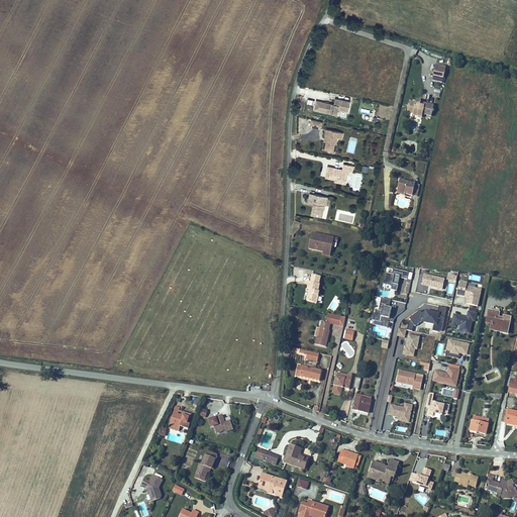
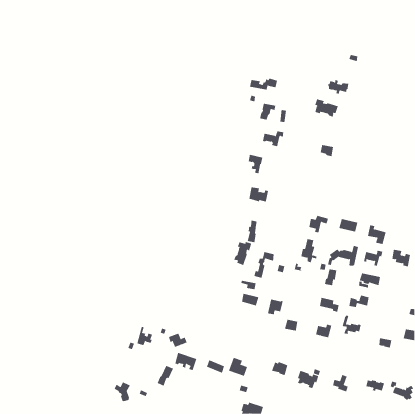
building: none -> [315,98,339,118]
building: none -> [233,241,252,266]
building: [258,473,287,496] -> [174,352,197,371]

